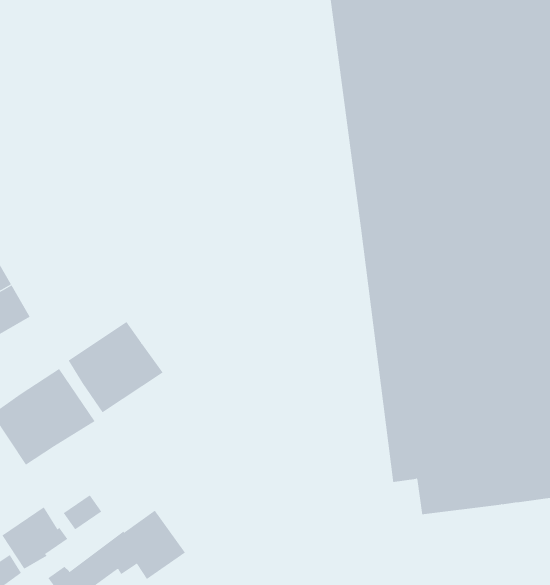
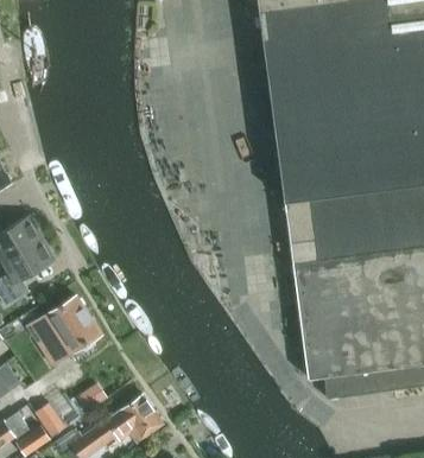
building: [68,321,164,413] -> none

